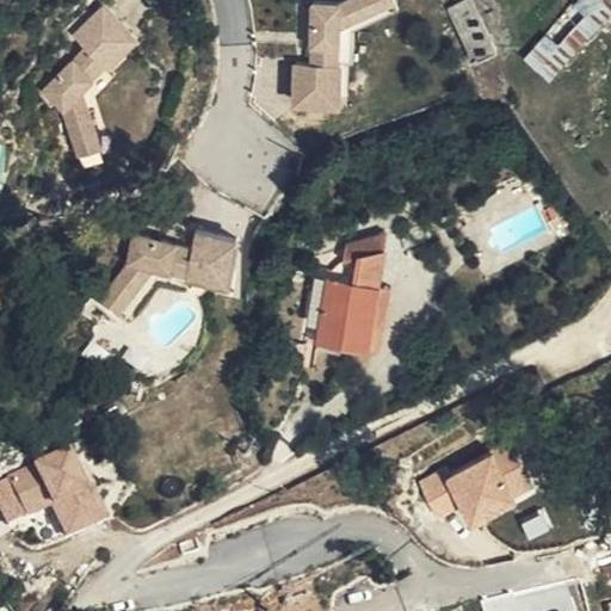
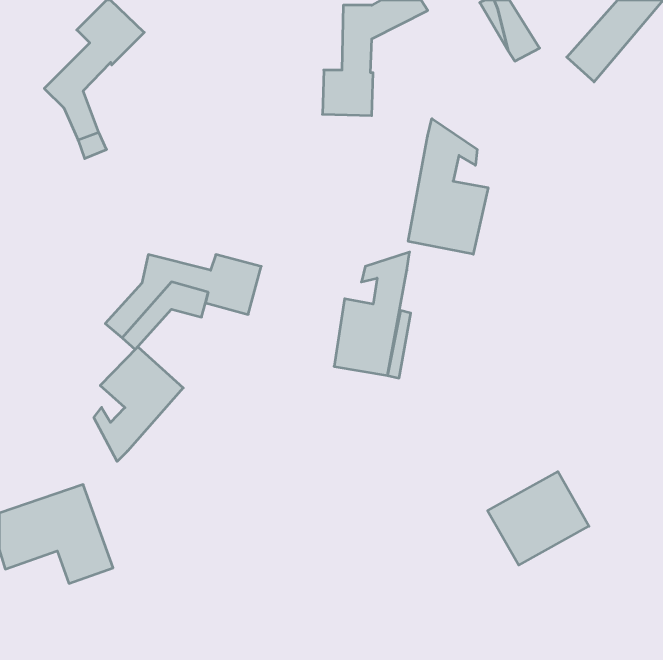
building: none -> [408,119,488,254]
building: none -> [94,347,183,461]
building: [421,469,463,518] -> none

